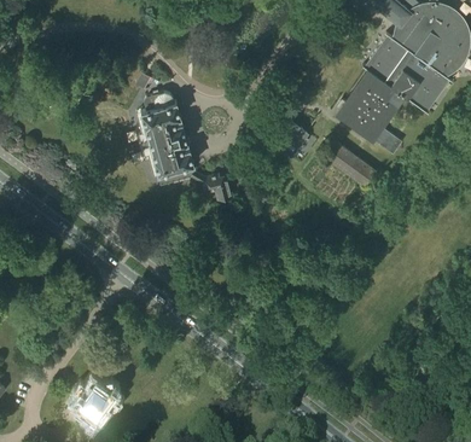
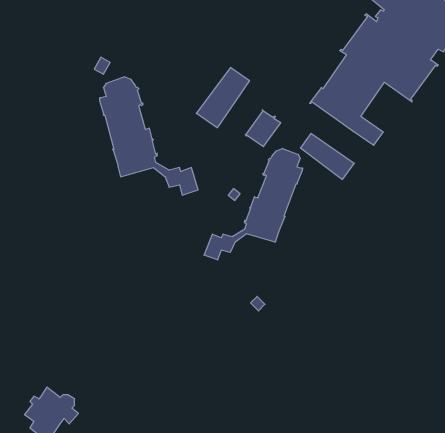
building: none -> [196,67,249,128]
building: none -> [204,148,303,260]

